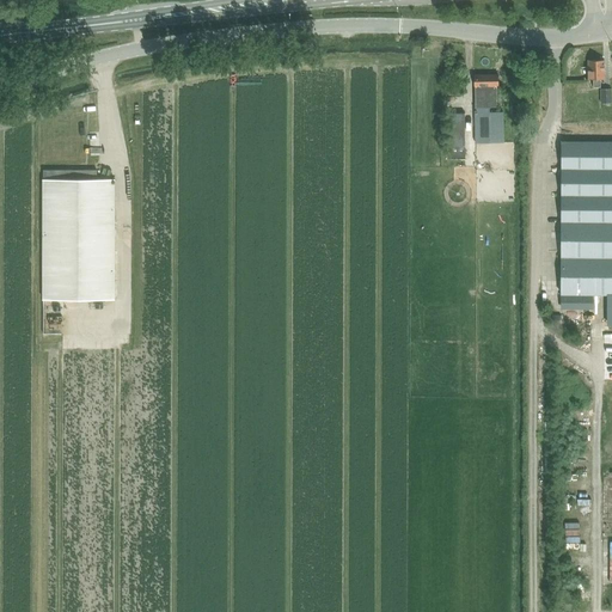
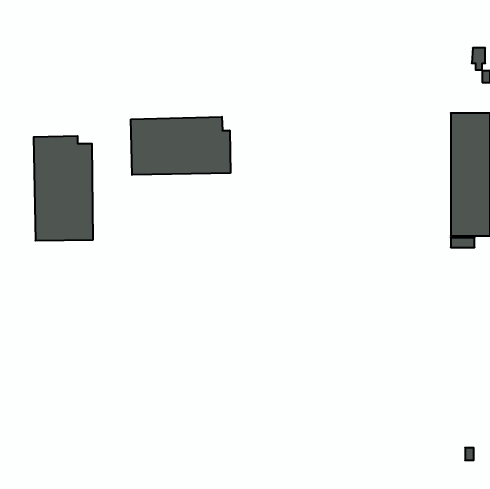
building: [476,75,504,146] -> none
building: none -> [131,117,230,175]

